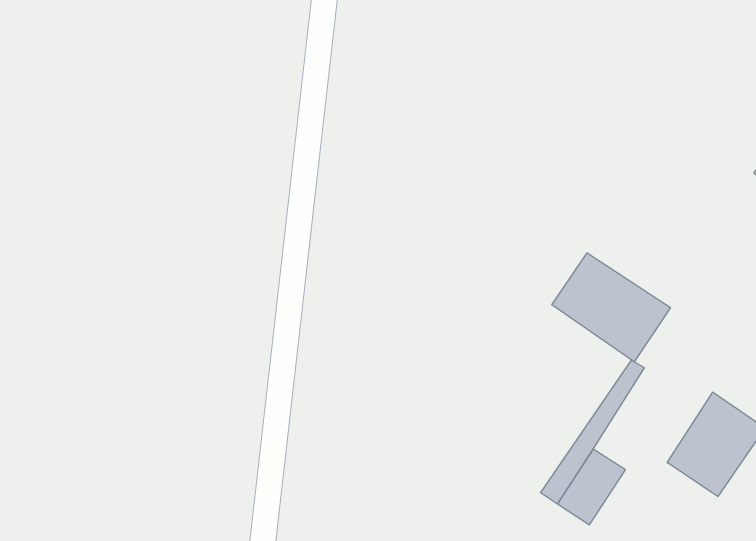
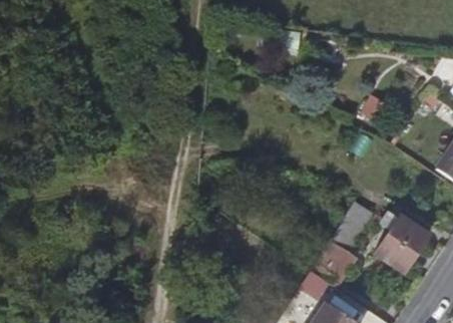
building: [552,253,670,362] -> none

